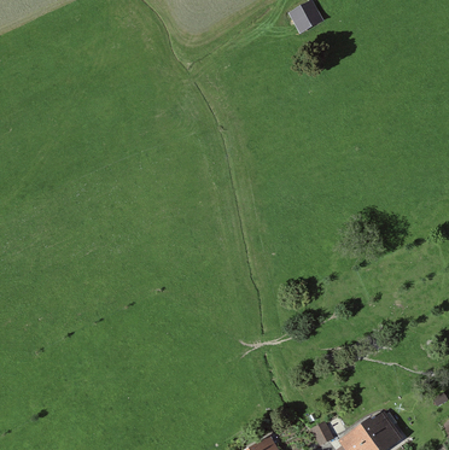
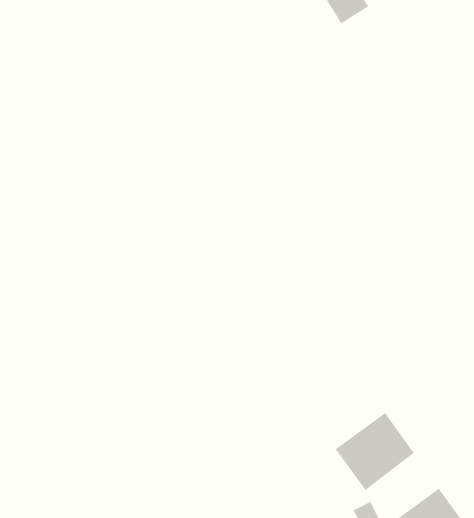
building: none -> [335,412,415,491]

